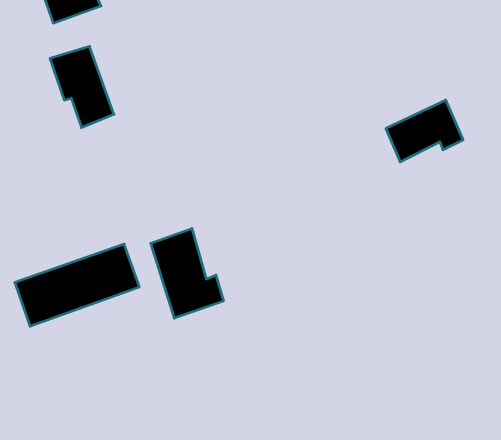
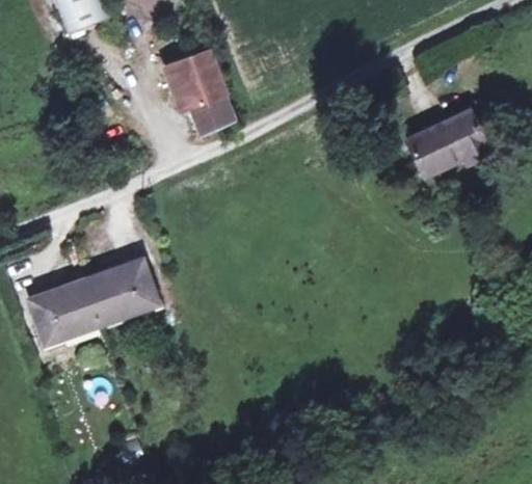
building: [50,46,114,128] -> [168,51,234,134]
building: [151,228,223,318] -> none

